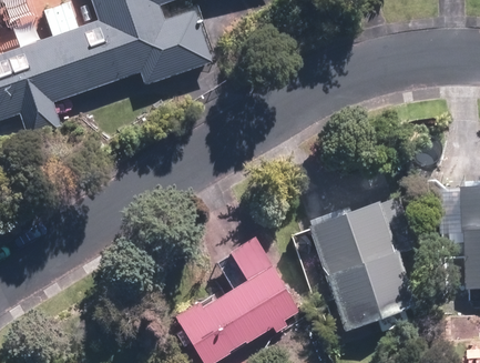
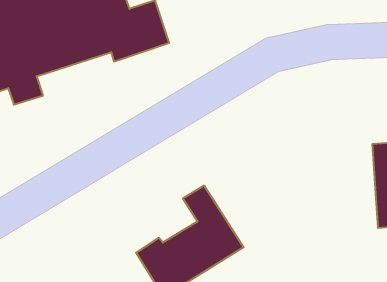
building: [306,198,419,331] -> none

